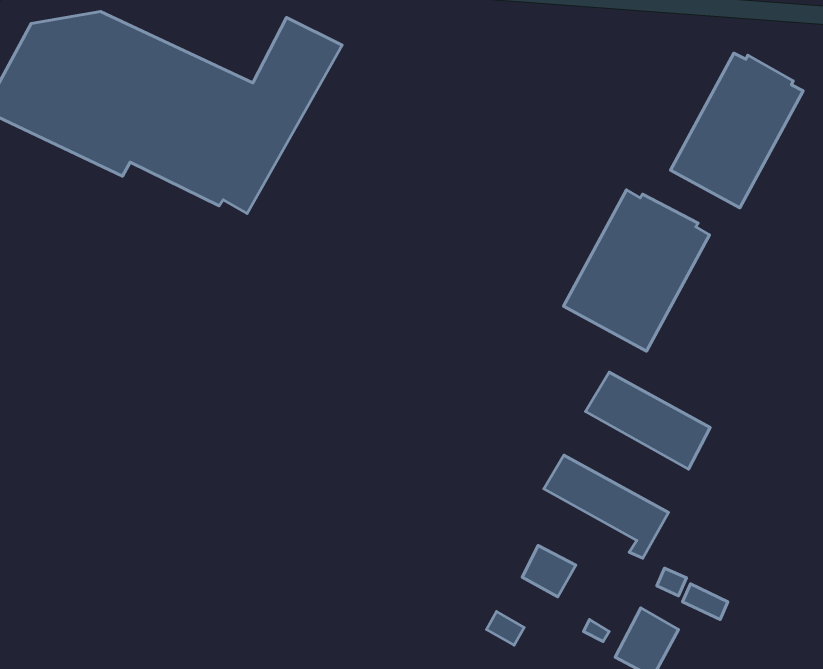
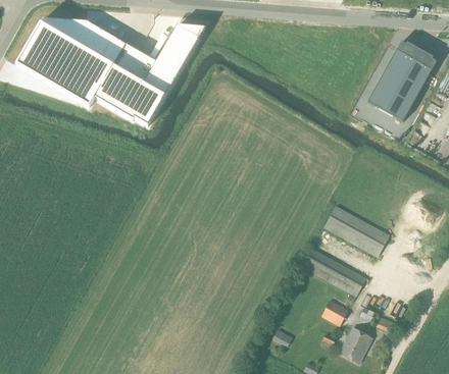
building: [563,190,710,351] -> none
building: [522,545,576,597] -> [321,299,349,325]

